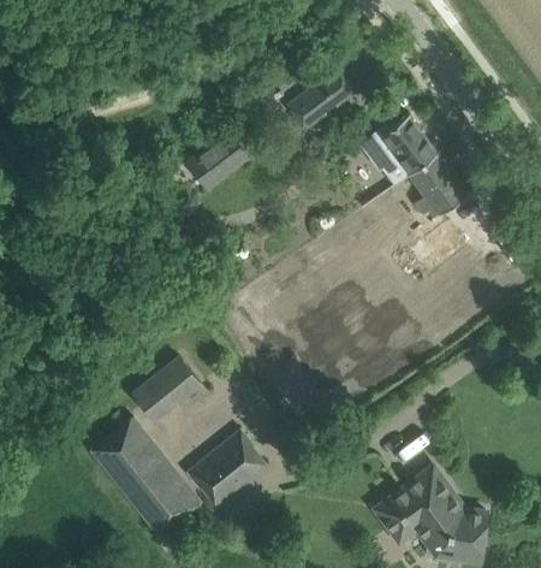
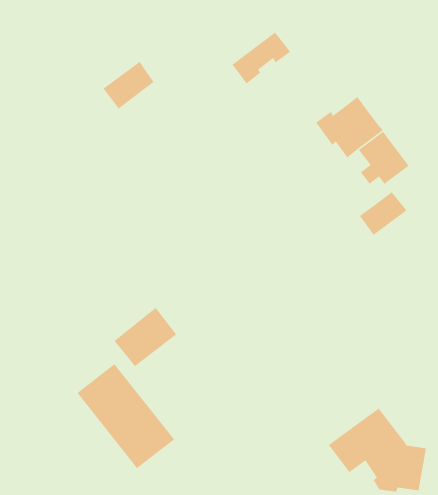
building: [289,69,356,129] -> [232,32,291,85]
building: [189,131,248,187] -> [103,61,155,110]
building: [190,432,264,504] -> none

